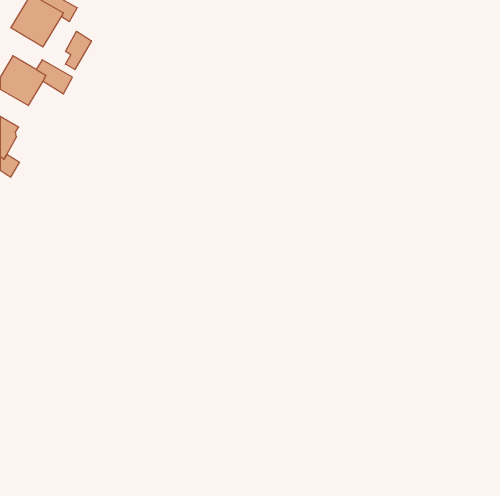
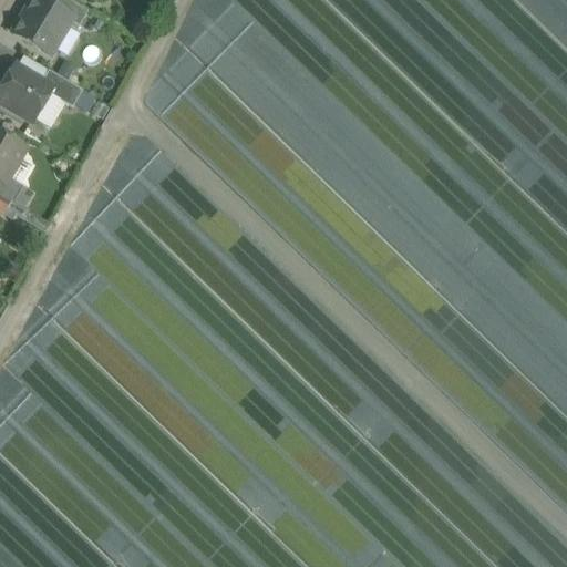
building: [65,31,91,70] -> none

